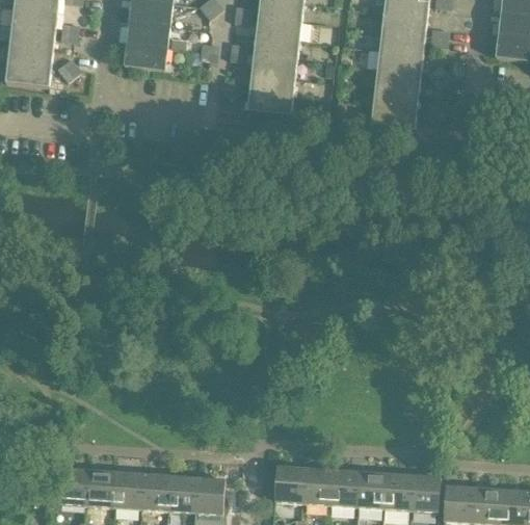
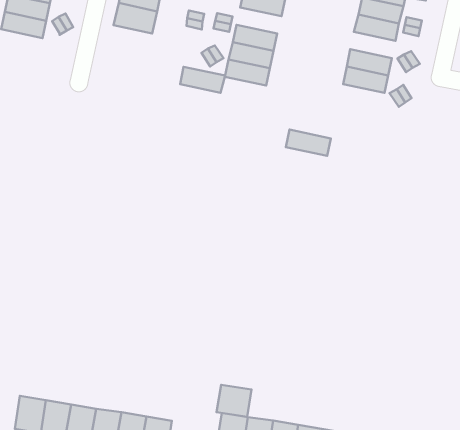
building: [253,34,299,58] -> [180,67,225,93]
building: [375,49,422,73] -> none
building: [369,105,416,129] -> [286,130,331,156]
building: none -> [217,385,251,417]

